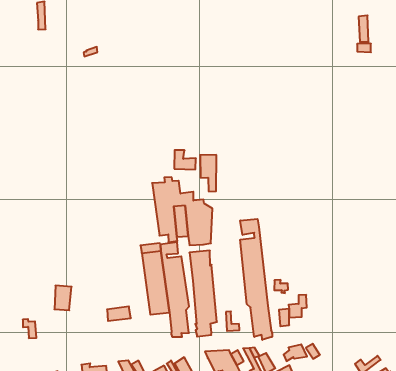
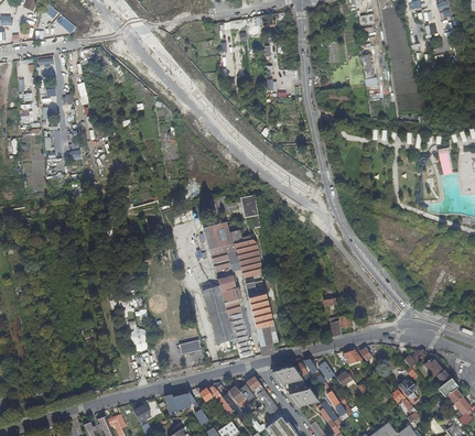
building: [240,219,272,340] -> none

